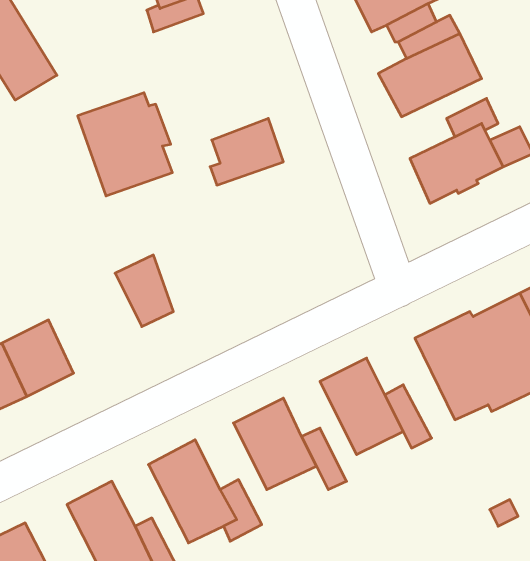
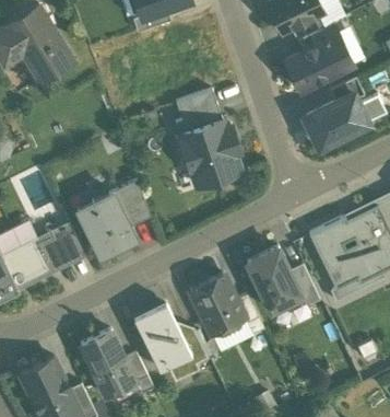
building: [78,93,172,196] -> [178,119,240,187]
building: none -> [76,193,135,257]

